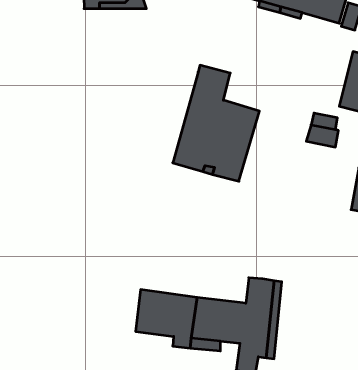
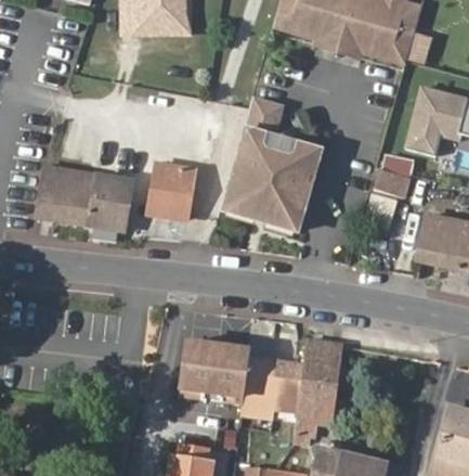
building: none -> [147,165,194,221]
building: none -> [35,168,133,234]

